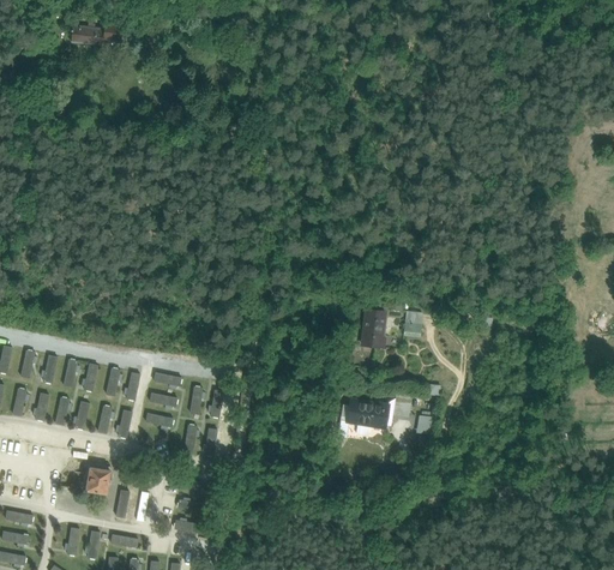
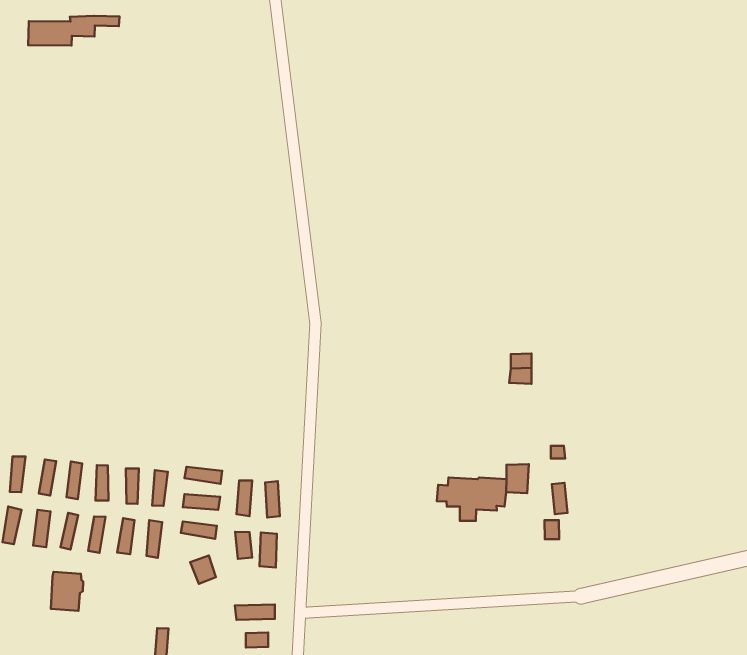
building: [361,308,384,348] -> none
building: [85,463,112,494] -> [51,572,83,611]

